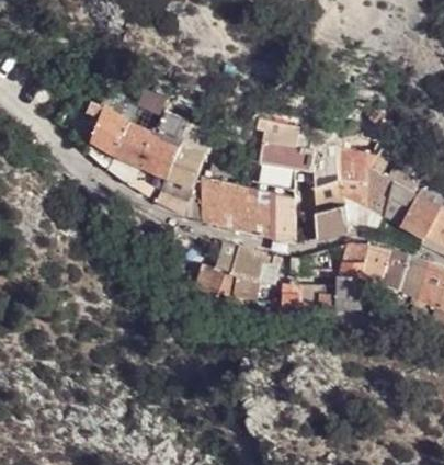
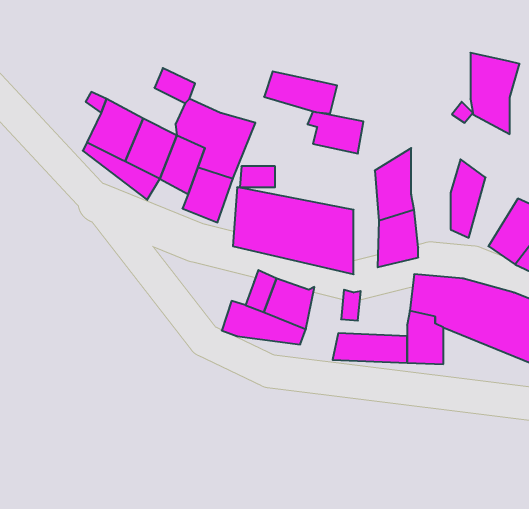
building: [257,144,314,177] -> [264,71,337,114]
building: [340,147,378,211] -> [470,53,520,134]
building: [385,170,423,224] -> none

